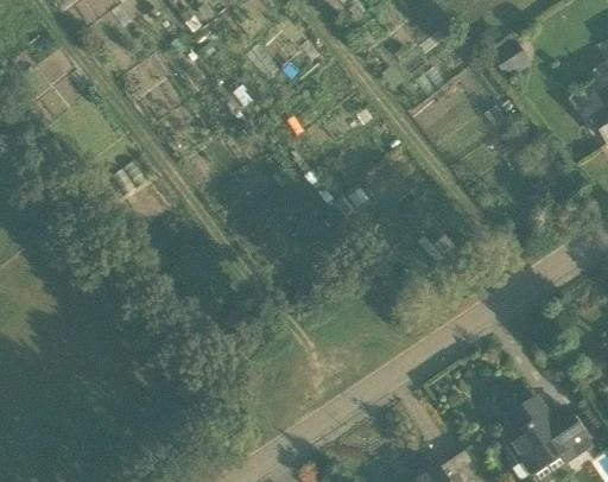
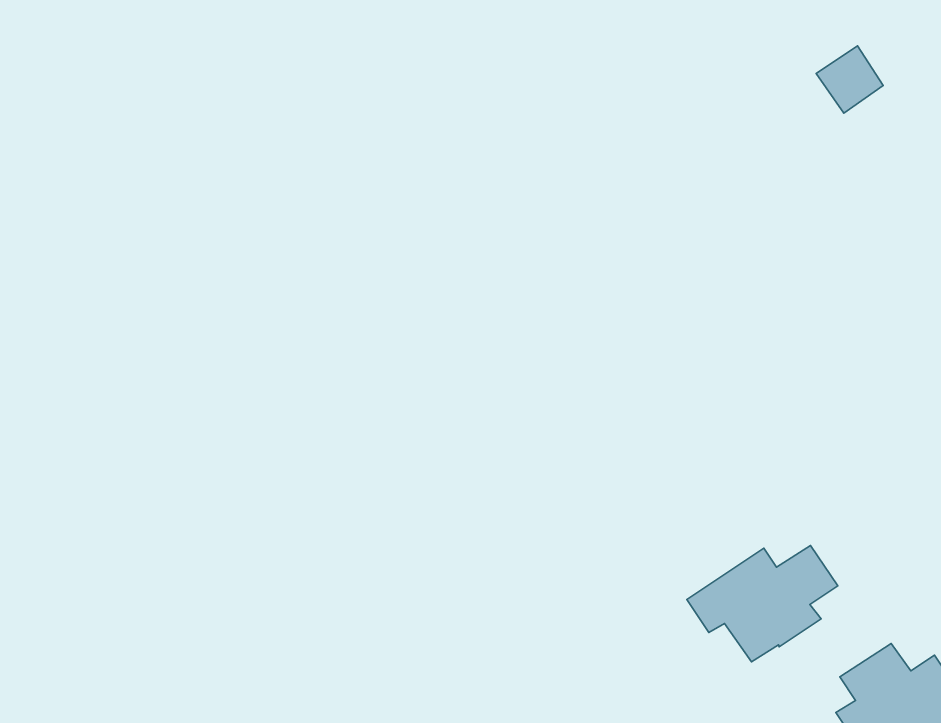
building: none -> [687,545,838,662]

